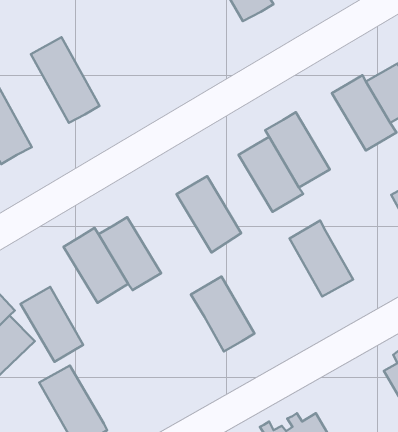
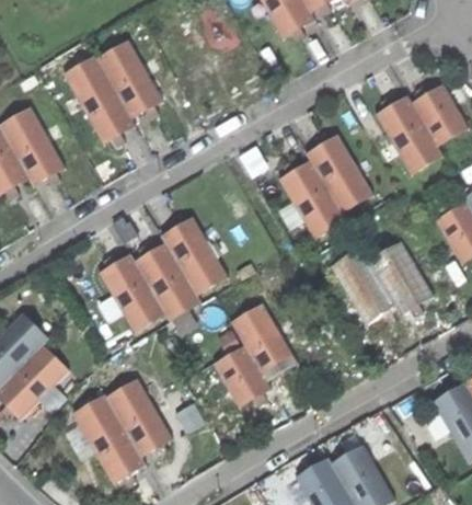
building: none -> [97,39,164,120]
building: [176,176,241,252] -> [161,217,228,296]
building: none -> [370,239,434,312]
building: [20,287,83,362] -> [106,379,171,457]
building: none -> [214,346,270,408]

